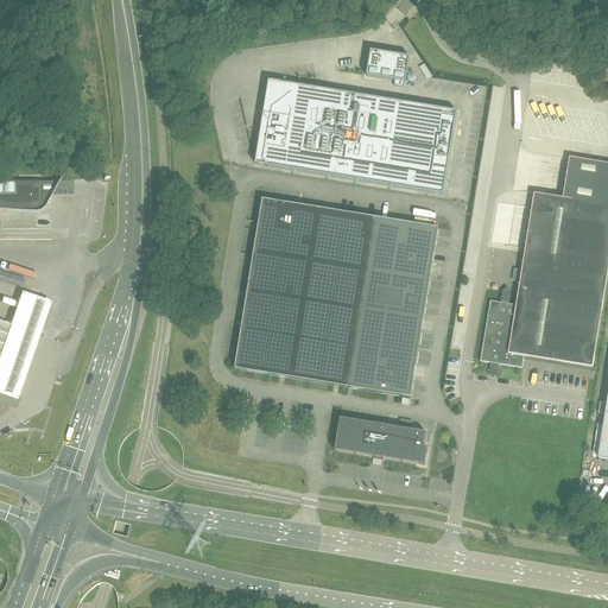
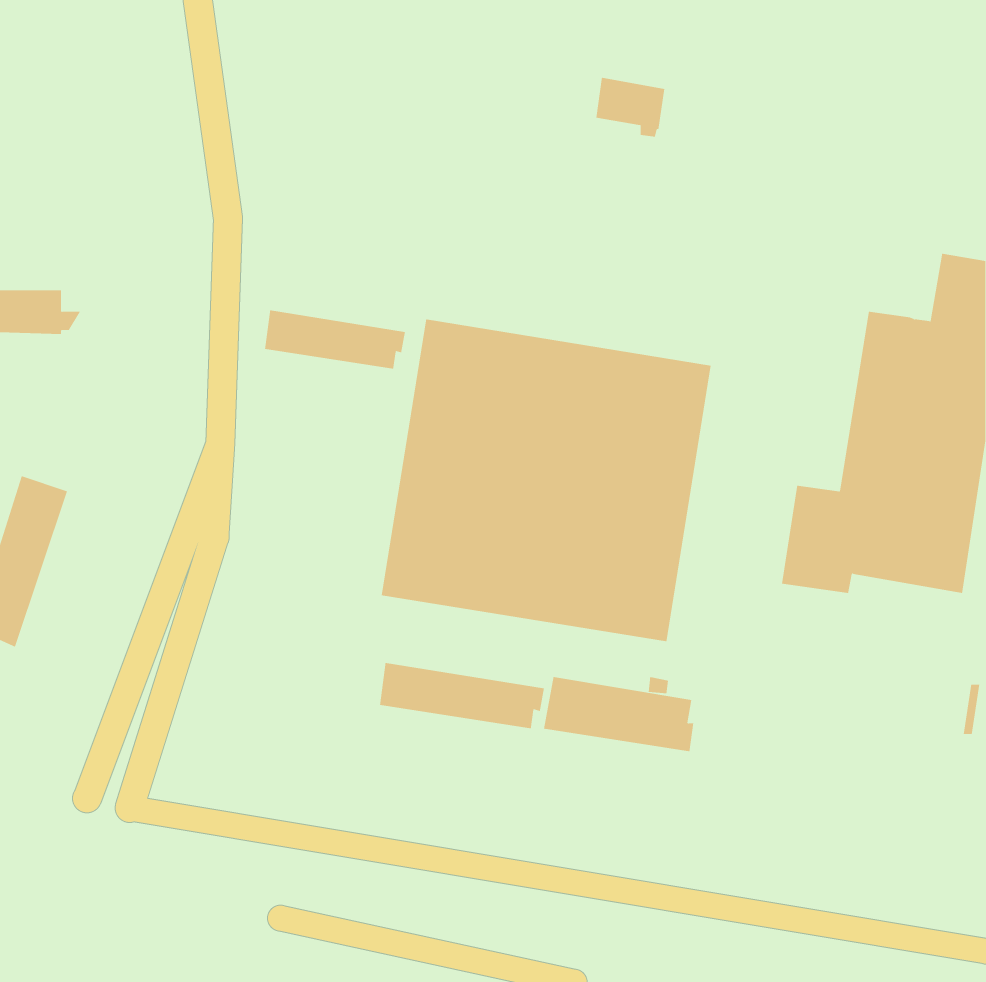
building: [254,78,456,192] -> none
building: none -> [265,309,406,369]
building: none -> [379,662,545,729]

